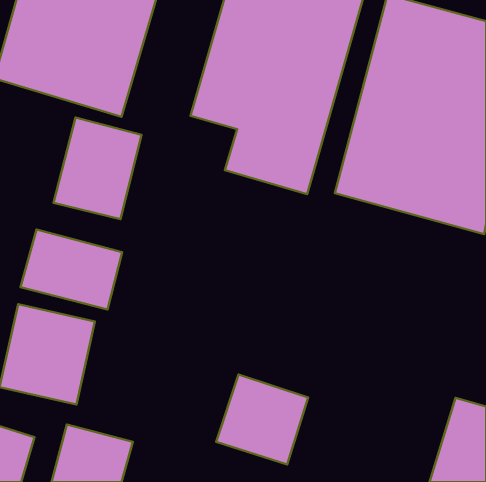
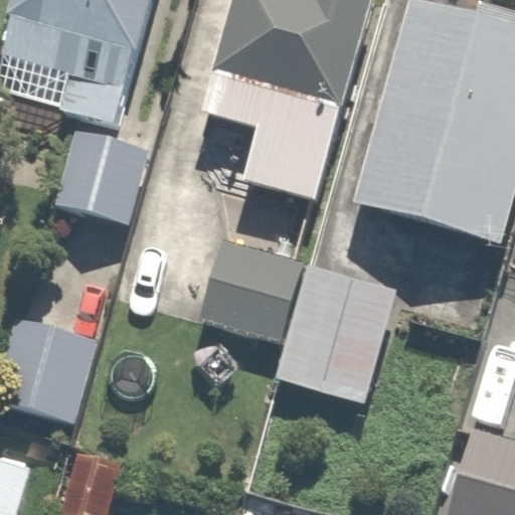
building: none -> [196,236,389,410]
building: [21,230,122,309] -> none
building: [216,374,308,464] -> none

